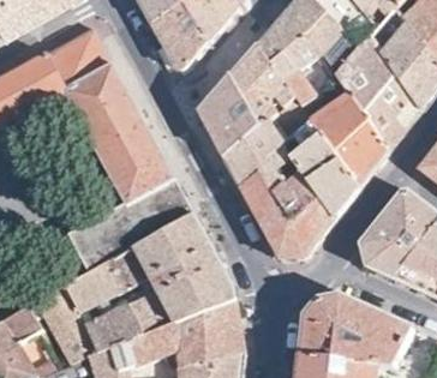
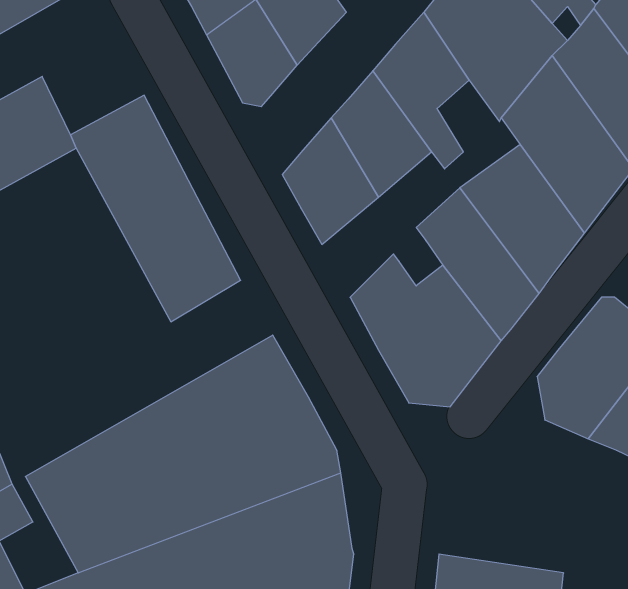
building: [46,26,110,86] -> none
building: [223,97,311,190] -> none
building: [298,295,412,366] -> none

